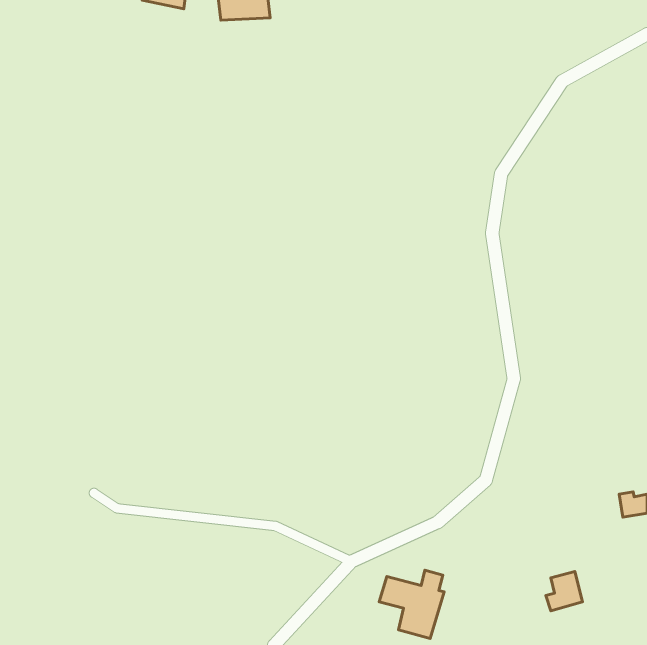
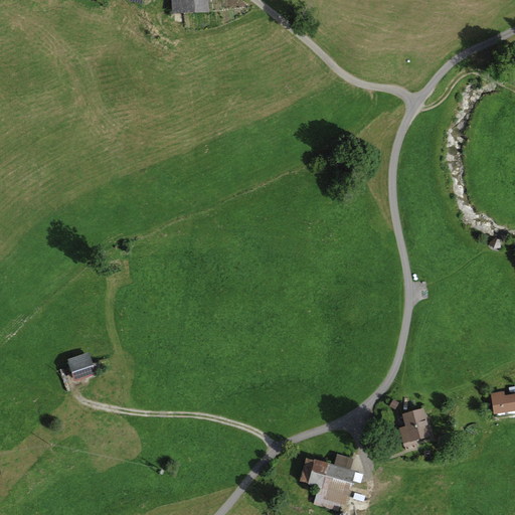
building: none -> [68,352,93,377]
building: [546,572,582,611] -> [399,408,428,440]

